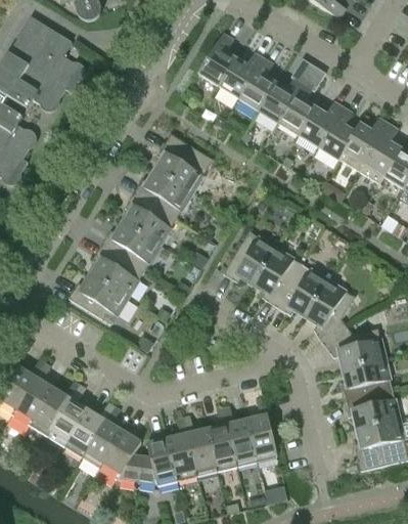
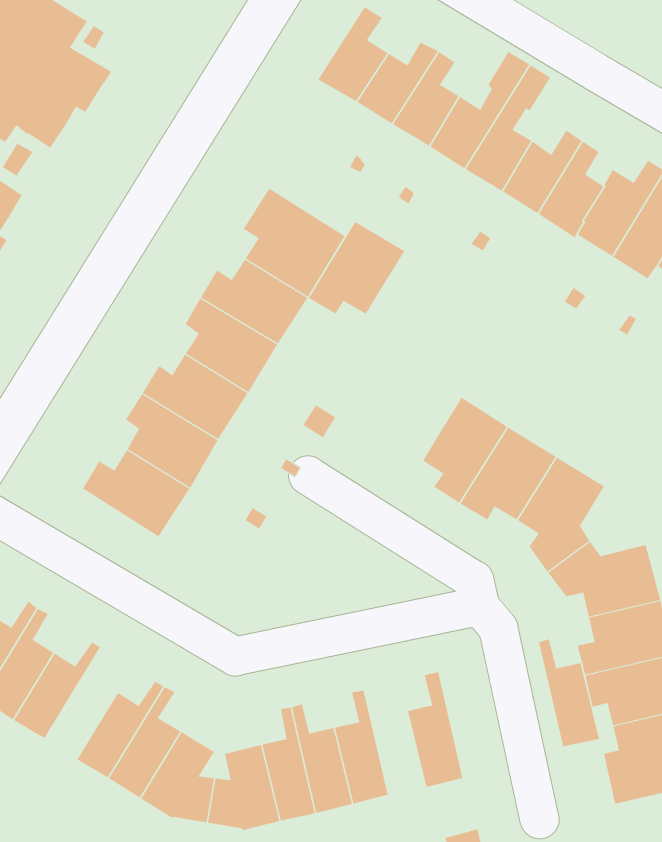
building: [223,231,276,282] -> [308,221,405,315]
building: [48,385,88,446] -> none
building: [223,406,257,466] -> [538,638,600,747]

